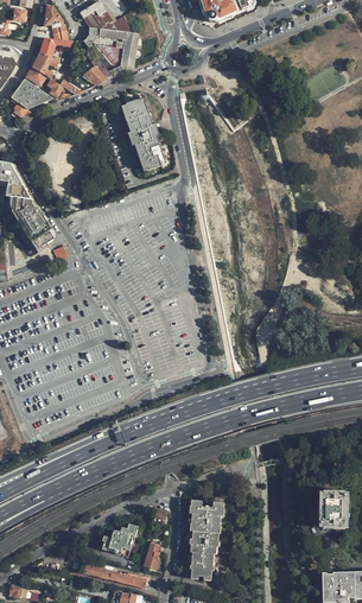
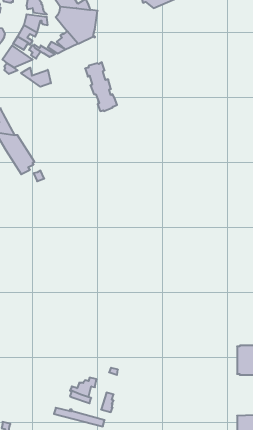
building: none -> [21,68,51,87]
building: [190,496,223,577] -> none

